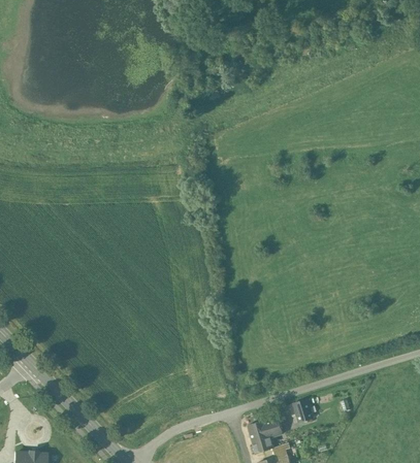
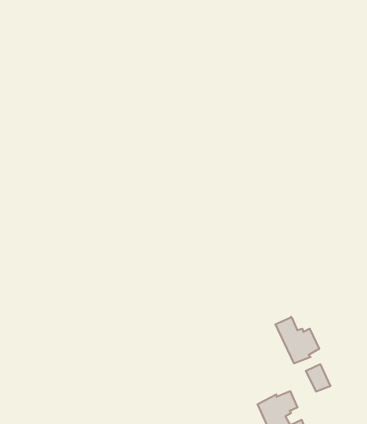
building: none -> [275,317,319,363]

